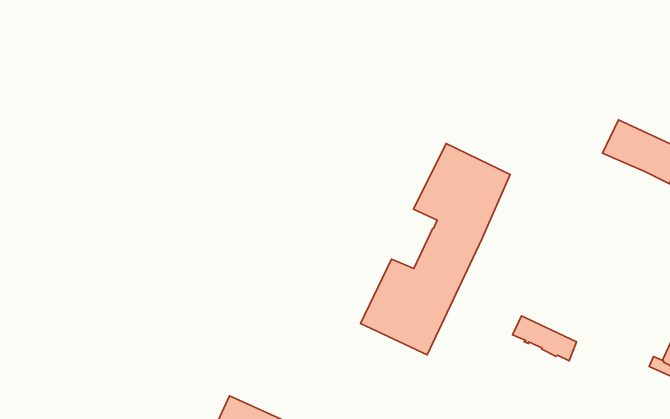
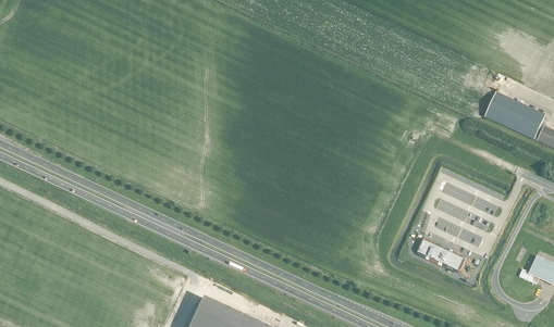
building: [360,144,510,355] -> none

